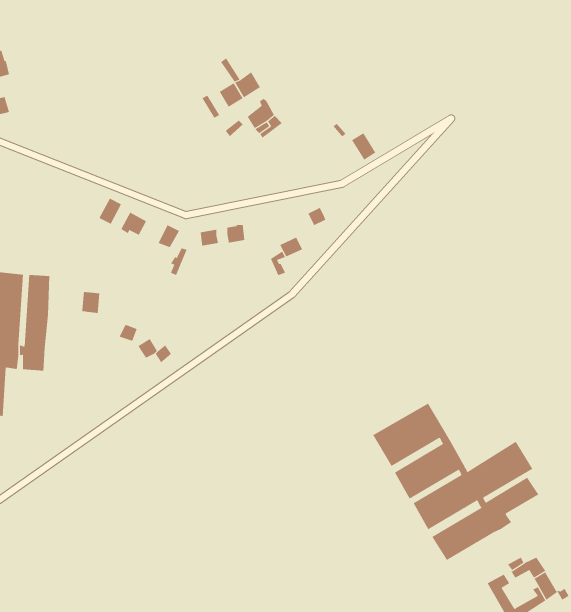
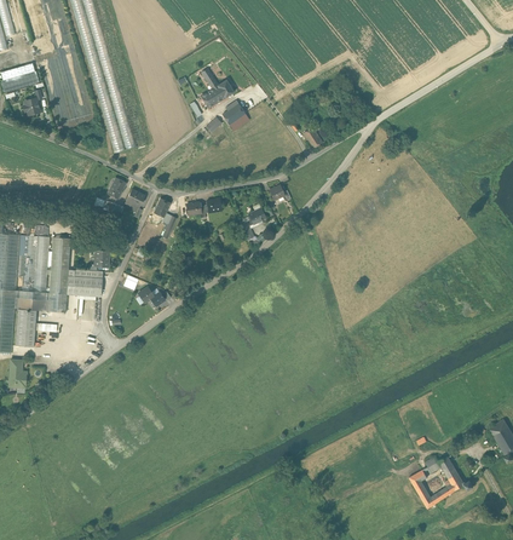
building: none -> [67,268,103,299]
building: [372,403,539,561] -> none

